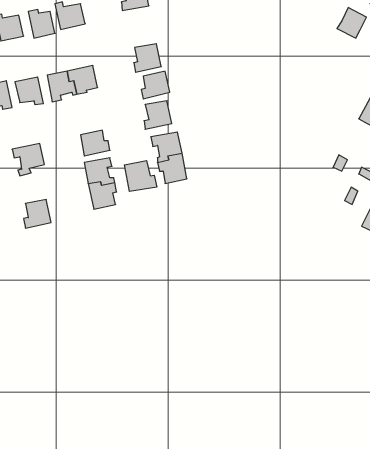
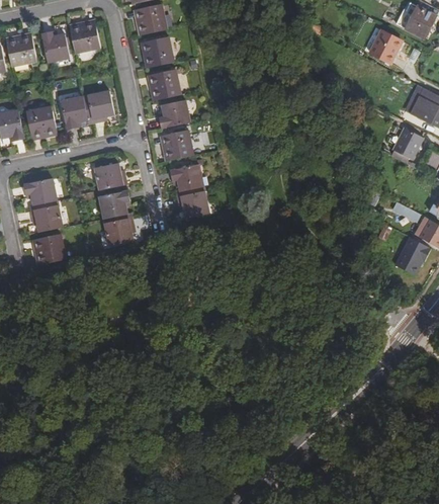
building: none -> [143,35,174,66]
building: [124,161,157,191] -> none
building: none -> [30,197,63,231]

